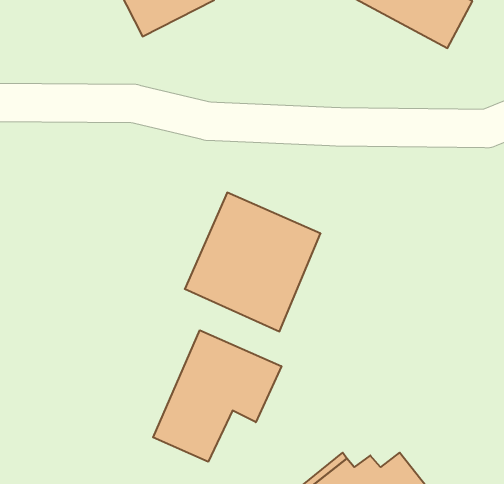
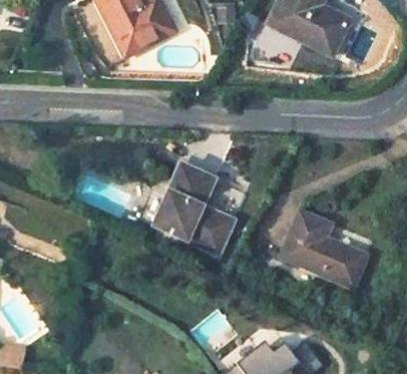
building: none -> [283,213,366,284]
building: [153,330,281,462] -> none

